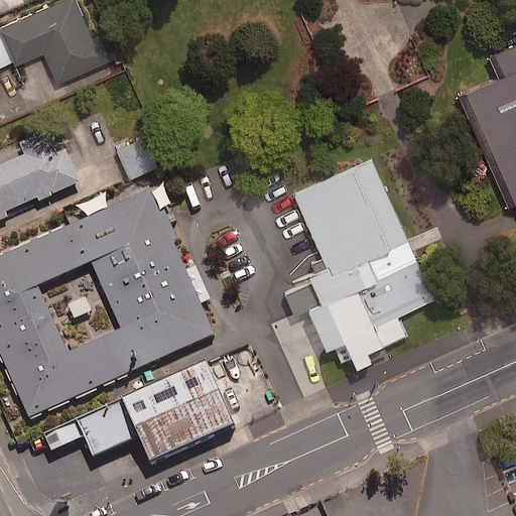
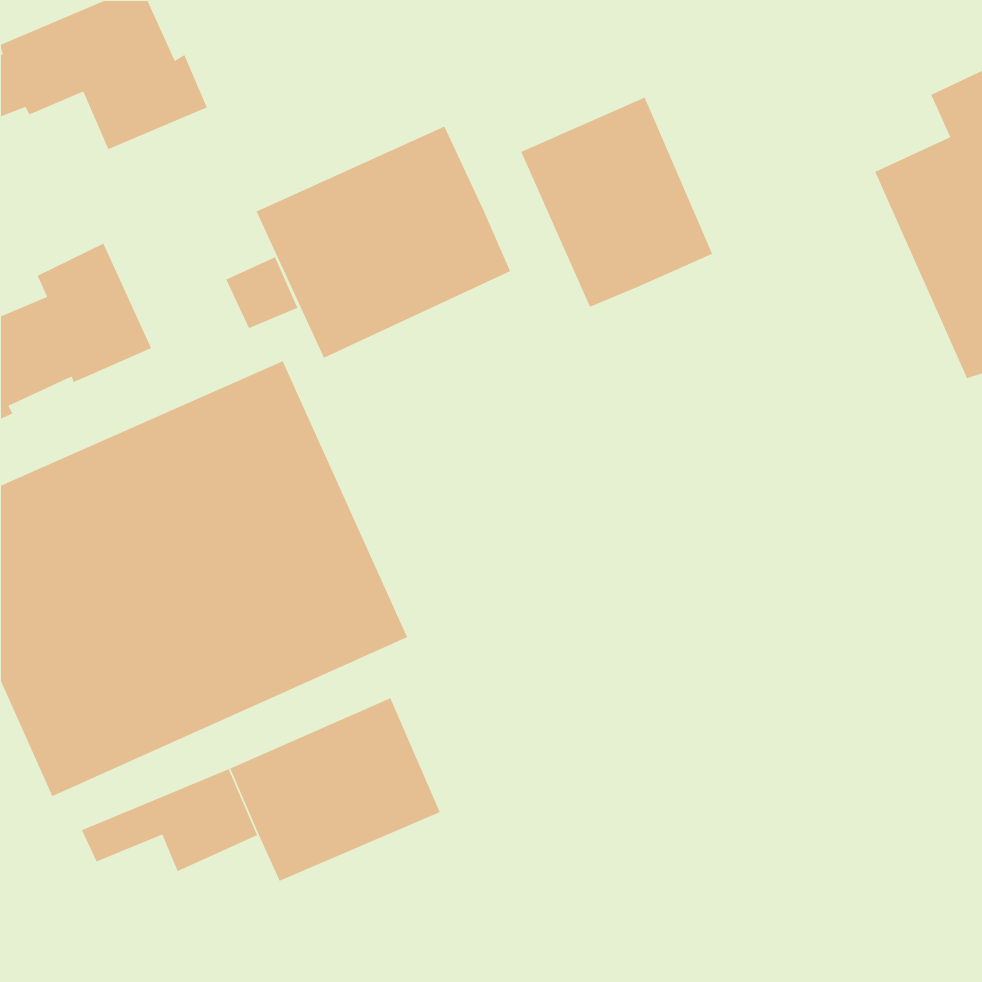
building: none -> [520,96,713,308]
building: none -> [255,125,511,359]
building: [287,159,431,364] -> none

